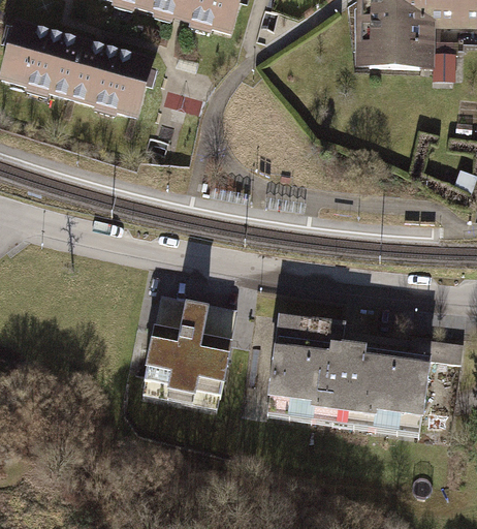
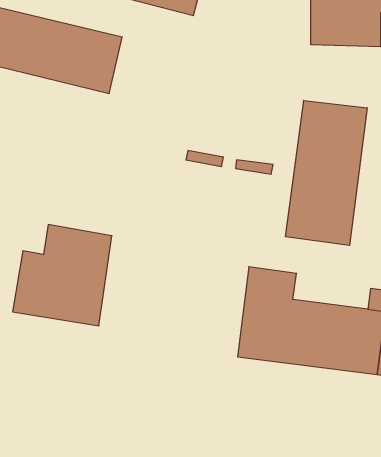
building: none -> [286,100,367,245]
building: [129,298,238,409] -> [13,225,112,326]

